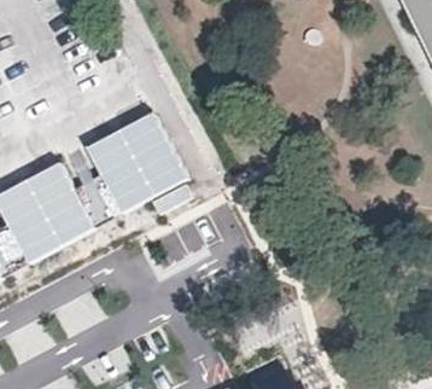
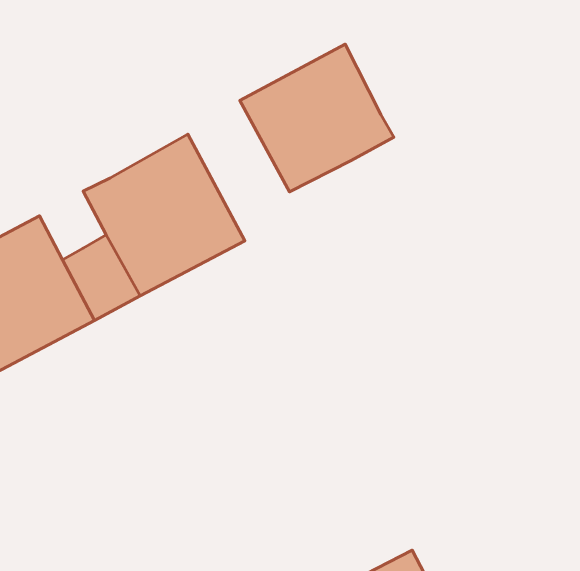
building: none -> [240,44,394,192]

